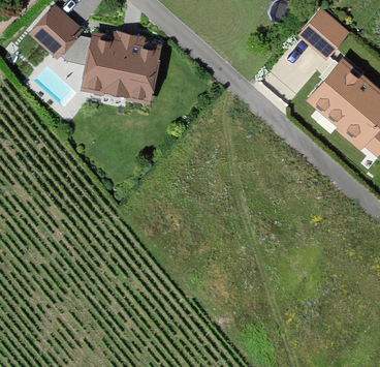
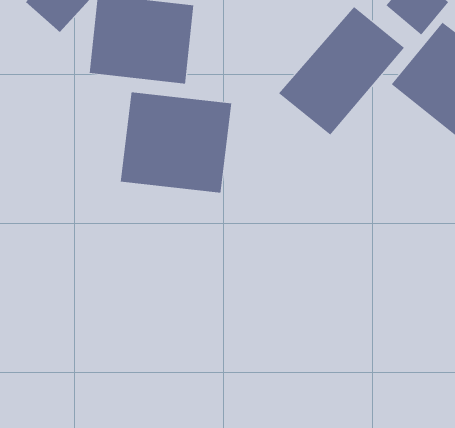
building: none -> [278,6,405,136]
building: none -> [120,91,232,194]

